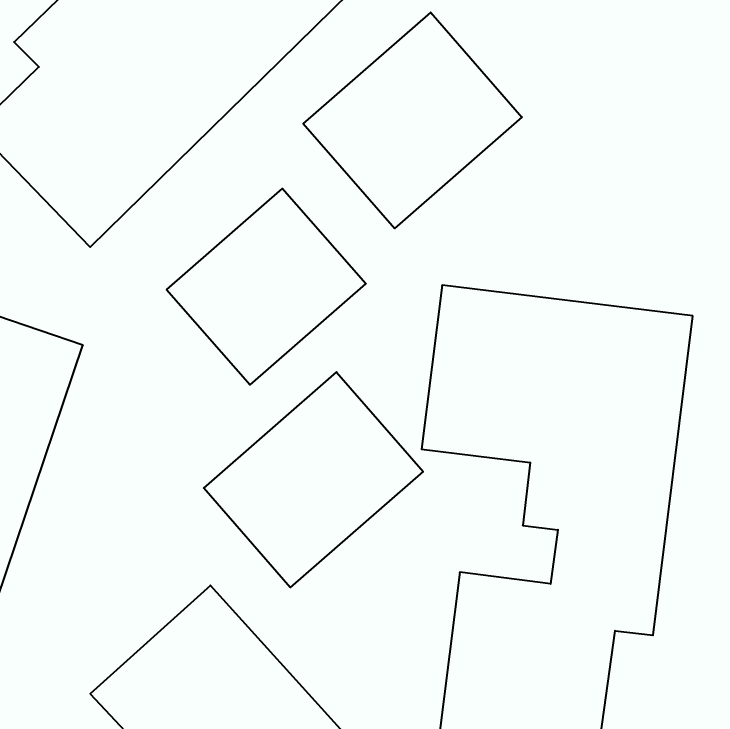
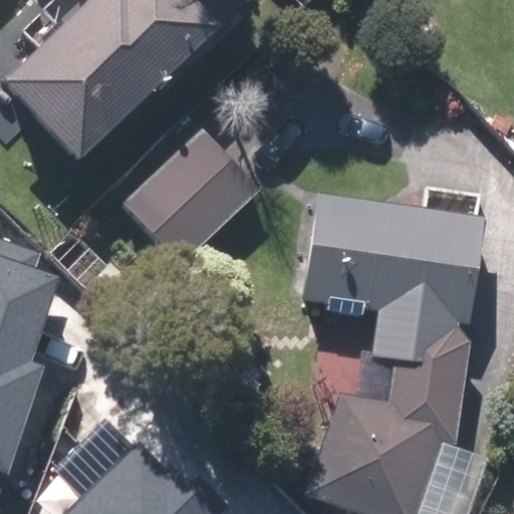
building: [303,12,522,228] -> none
building: [204,372,423,587] -> none

